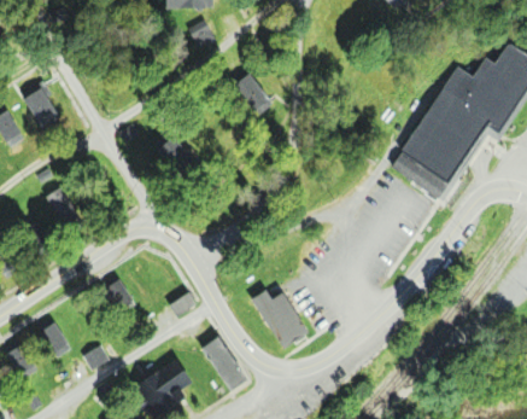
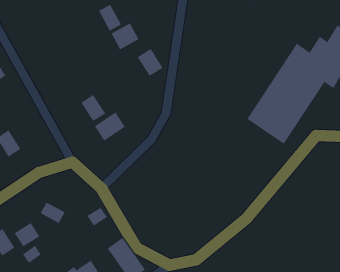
building: none -> [111,23,139,50]
building: none -> [94,112,125,141]
building: [248,289,311,350] -> none
building: none -> [14,222,40,247]

